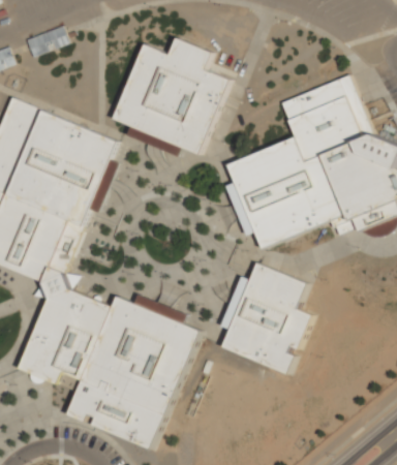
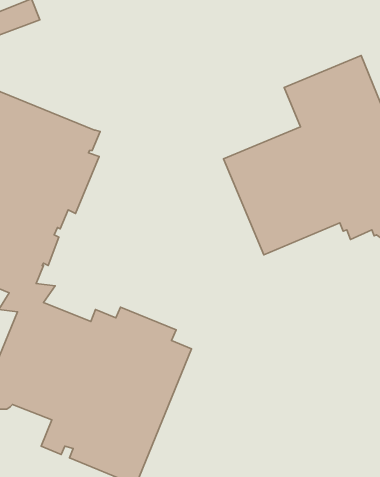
building: [112,37,228,156] -> none
building: [218,261,310,373] -> none

